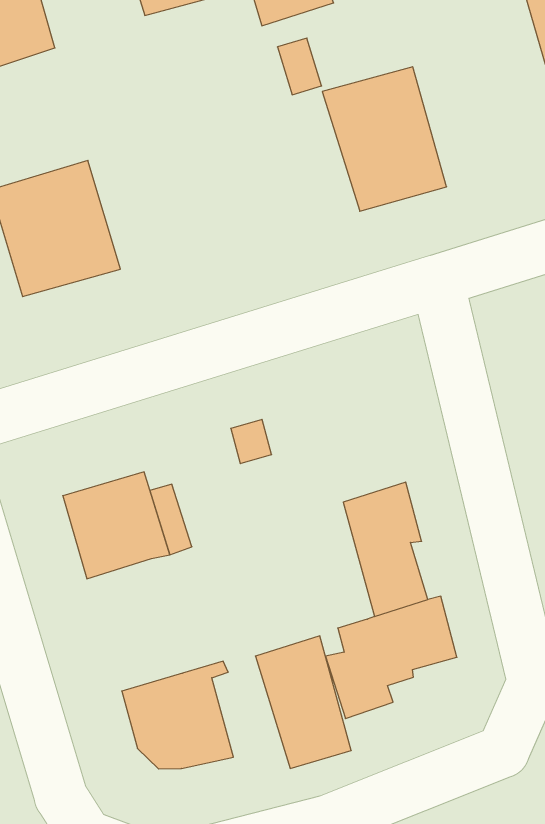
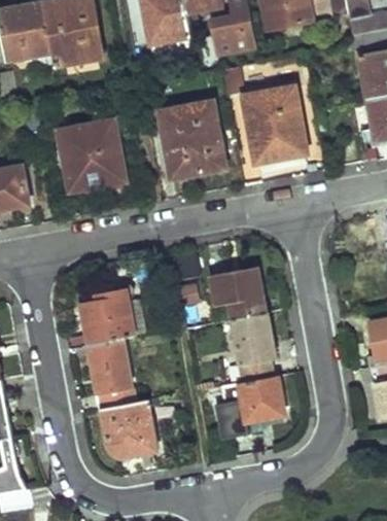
building: none -> [159,102,224,178]
building: none -> [212,267,267,318]
building: [255,636,351,768] -> [89,338,135,408]

